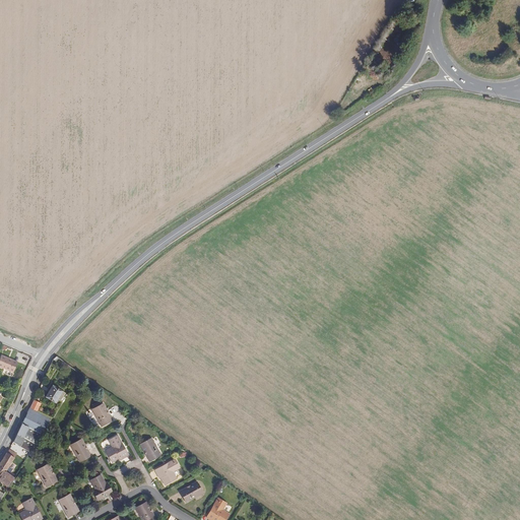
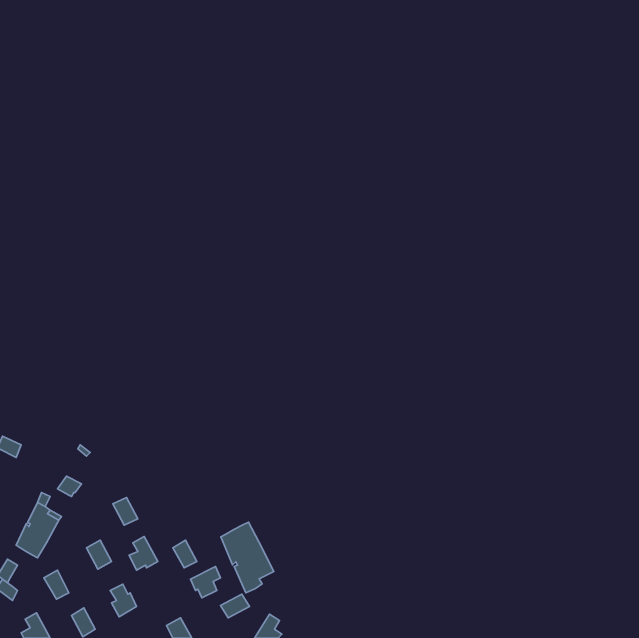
building: none -> [221,522,274,593]

